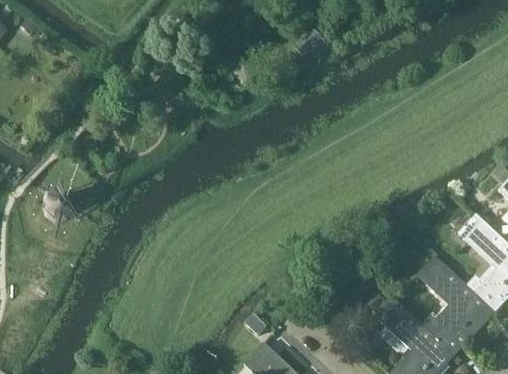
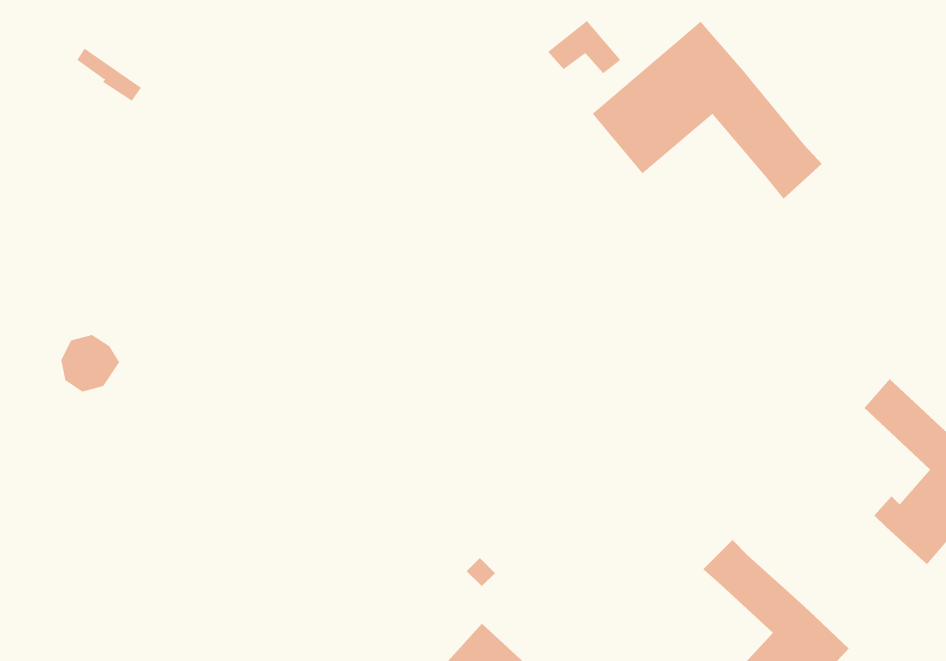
building: none -> [592,21,822,199]
building: [418,257,495,355] -> none

